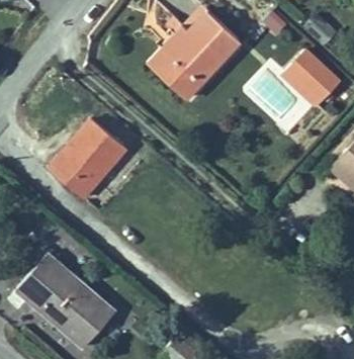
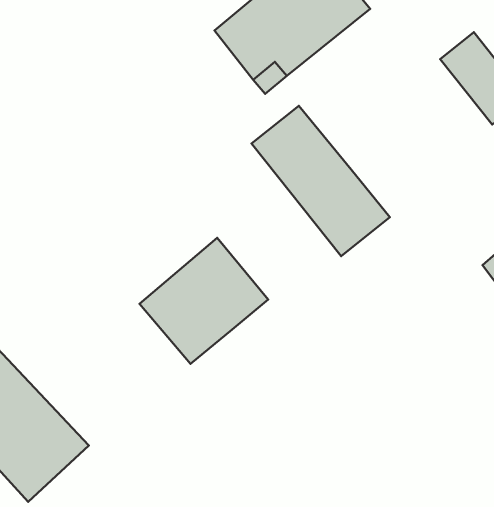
building: none -> [252,106,390,256]
building: [49,112,122,187] -> [139,238,268,364]

